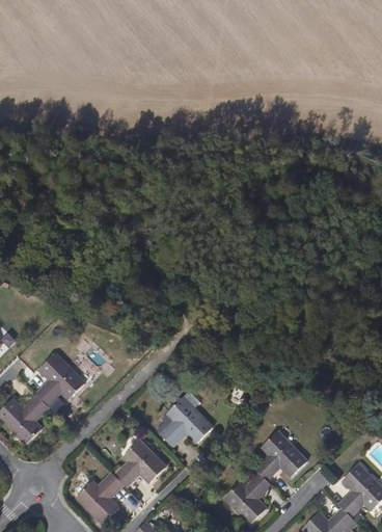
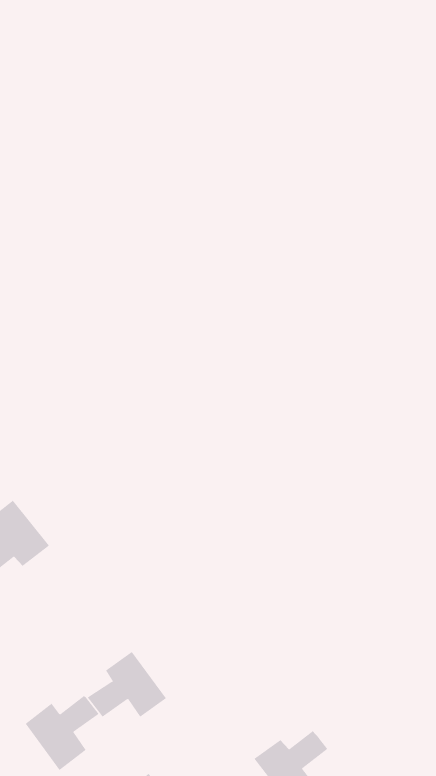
building: [159,396,210,442] -> none
building: [255,435,306,479] -> none

